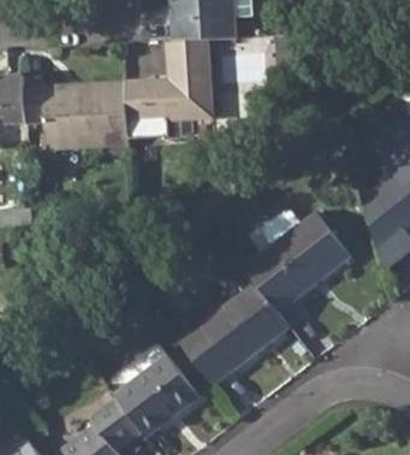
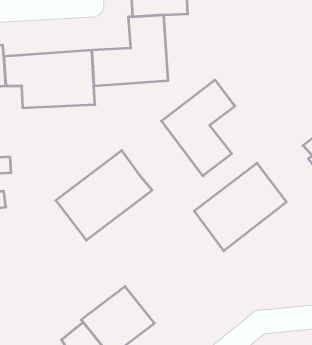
building: none -> [161,80,235,176]
building: [178,282,289,385] -> [56,150,152,240]

